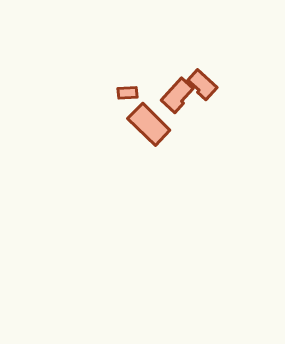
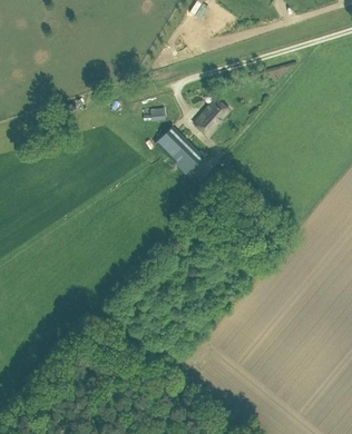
building: [188,70,217,100] -> none

